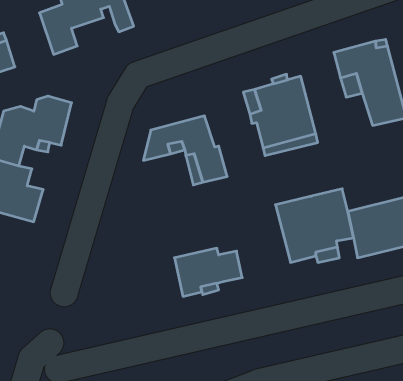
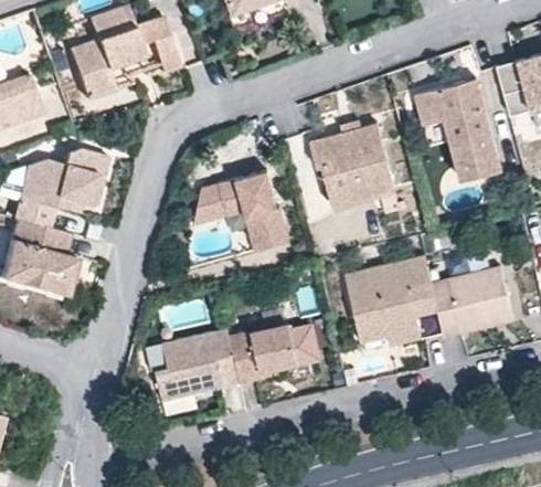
building: none -> [155,328,238,400]

